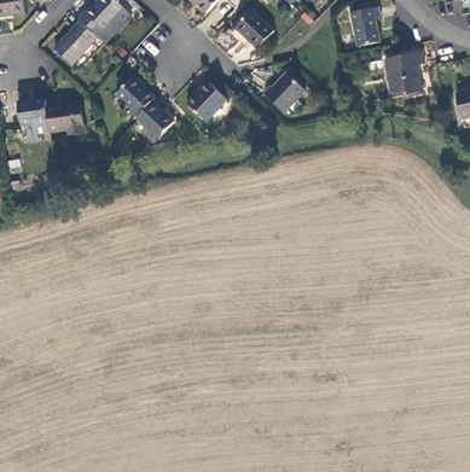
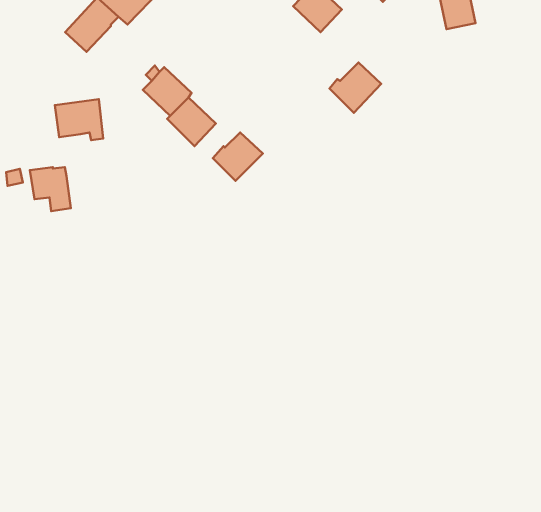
building: [384,51,424,94] -> none
building: [187,82,227,121] -> [213,132,263,181]
building: [17,99,50,134] -> [30,167,71,211]

